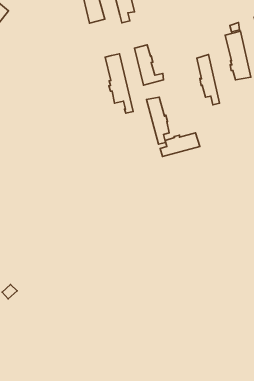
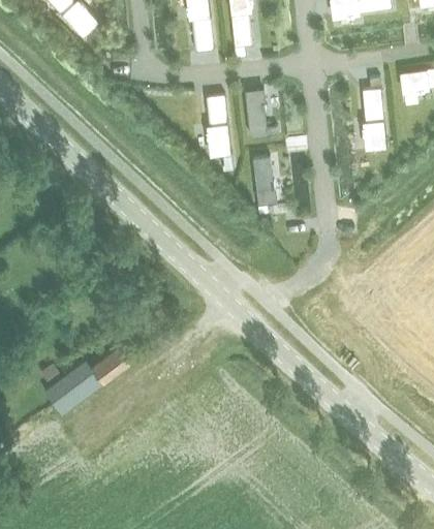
building: [197,55,220,105] -> none
building: [160,133,200,156] -> none
building: none -> [42,340,137,414]

